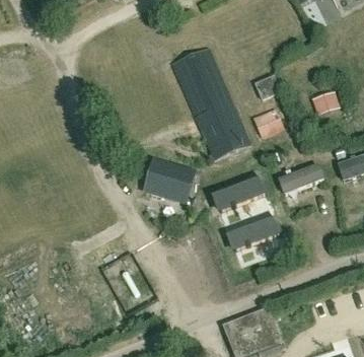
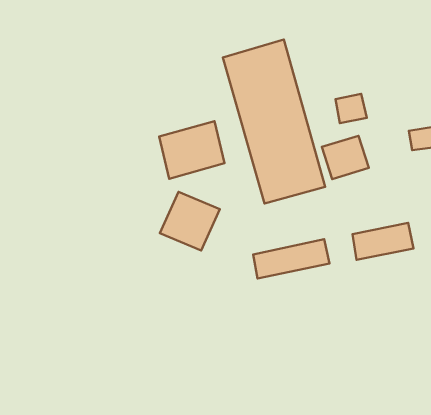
building: none -> [159,121,225,179]
building: [231,214,277,245] -> none

